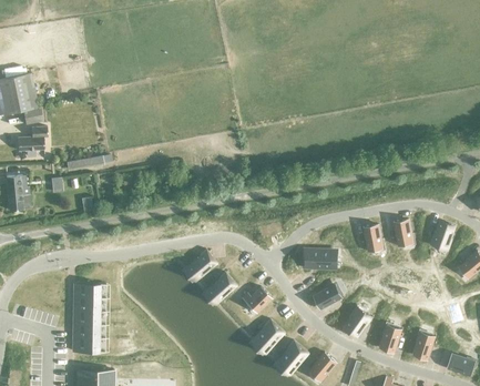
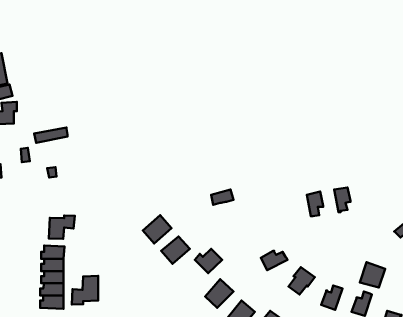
building: [430,221,455,251] -> none
building: [303,250,331,270] -> none
building: none -> [49,216,75,239]
building: none -> [360,262,385,288]
building: none -> [72,276,98,305]

